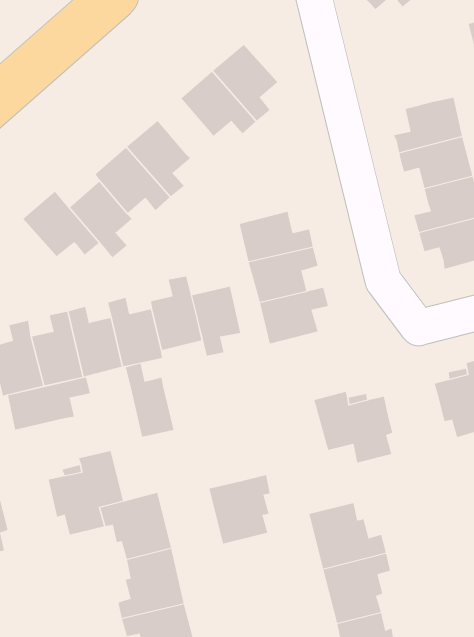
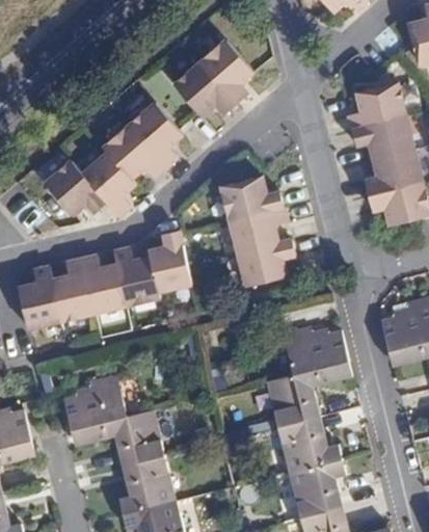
building: [192,286,241,357] -> none
building: [125,363,174,437] -> none
building: [7,377,90,430] -> none
building: [209,475,271,544] -> [266,369,317,426]

